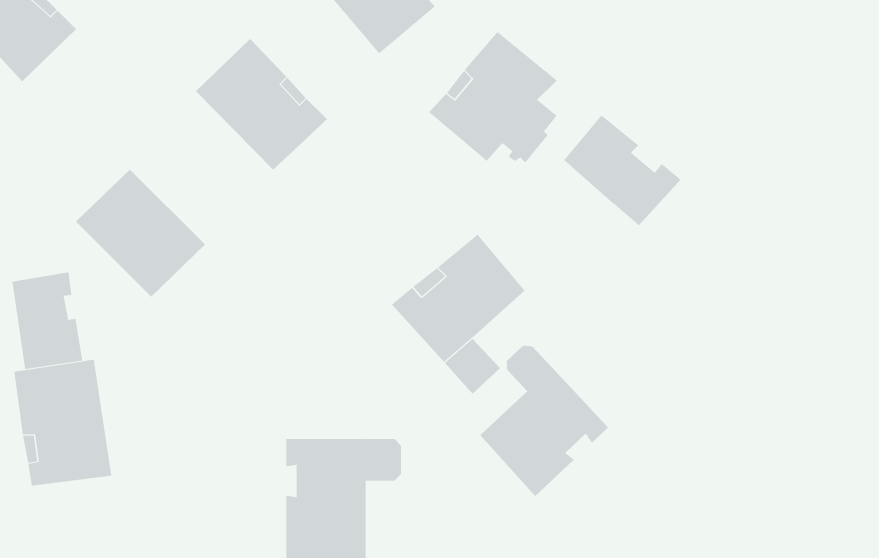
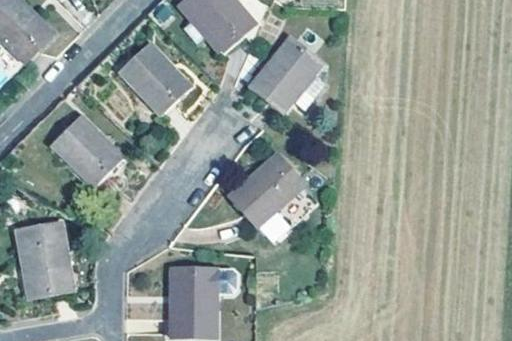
building: [563,115,682,226] -> none
building: [12,272,83,370] -> none
building: [479,345,609,497] -> none

